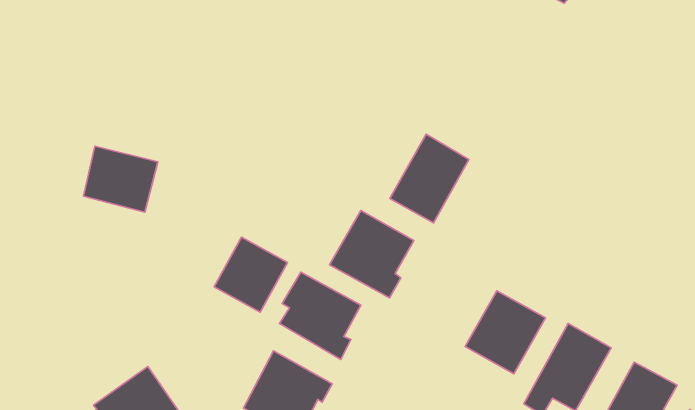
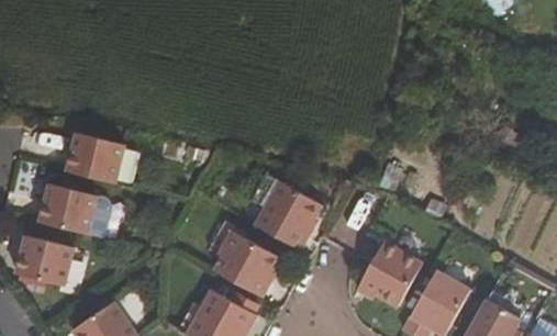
building: [390,134,469,223] -> none
building: none -> [40,184,97,235]
building: [214,237,287,312] -> none
building: none -> [15,237,73,287]

